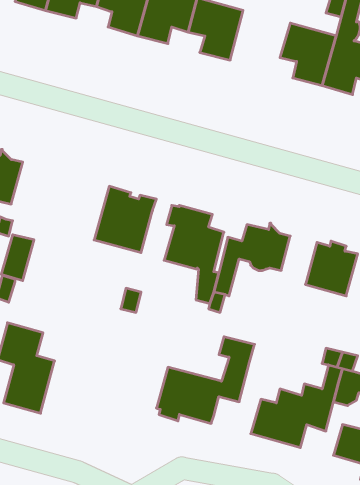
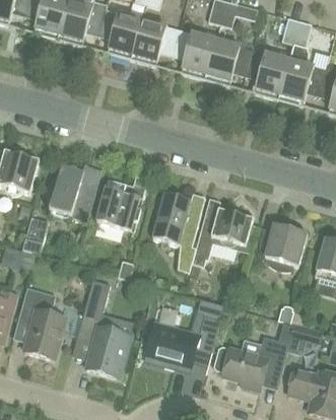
building: none -> [205,38,253,84]
building: none -> [48,164,96,220]
building: none -> [77,278,131,376]

